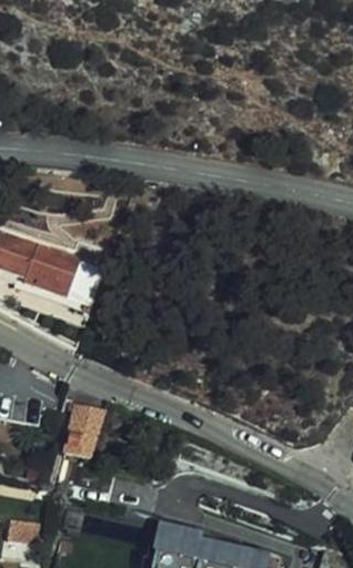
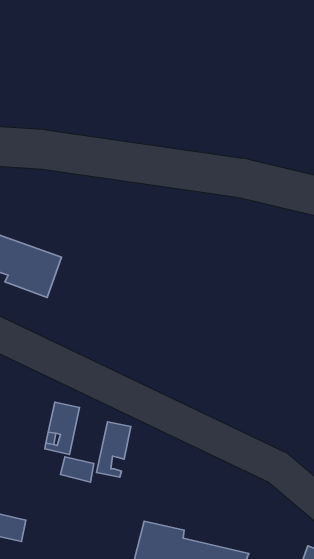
building: none -> [97,422,131,477]

